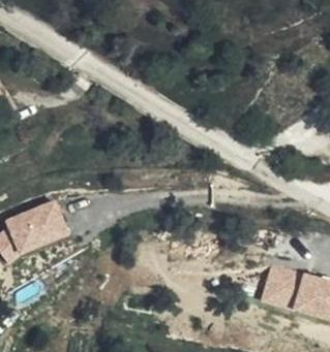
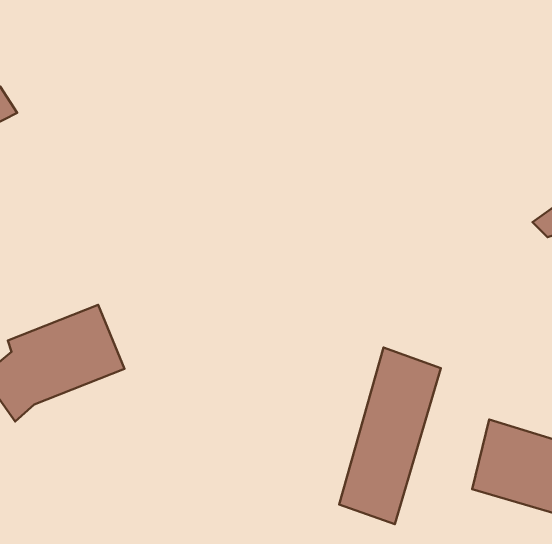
building: none -> [339,348,441,524]

